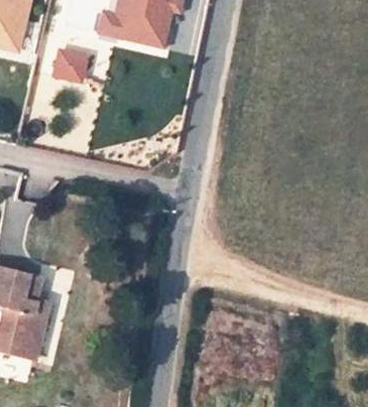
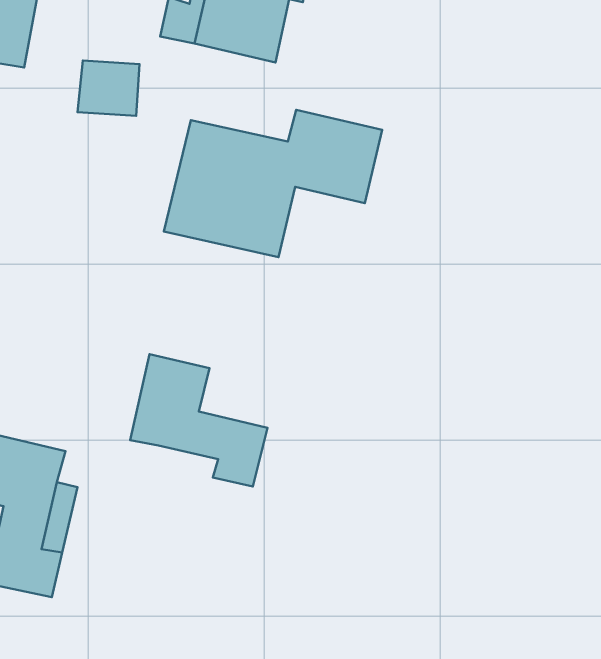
building: none -> [164,110,382,257]
building: none -> [130,354,268,487]

